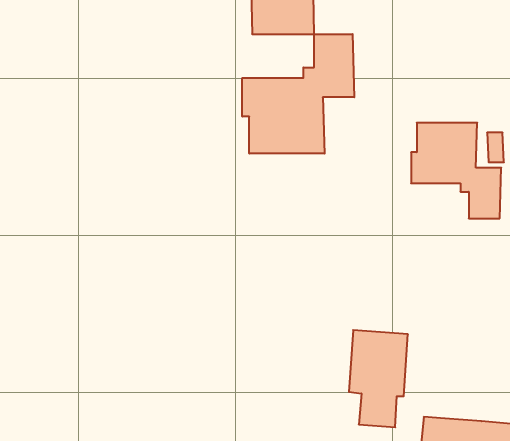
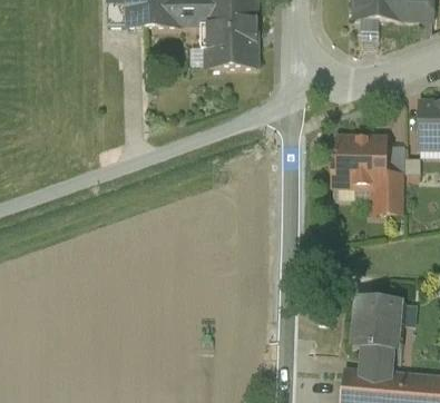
building: [242,34,354,154] -> none
building: [349,330,408,427] -> [352,296,399,373]

